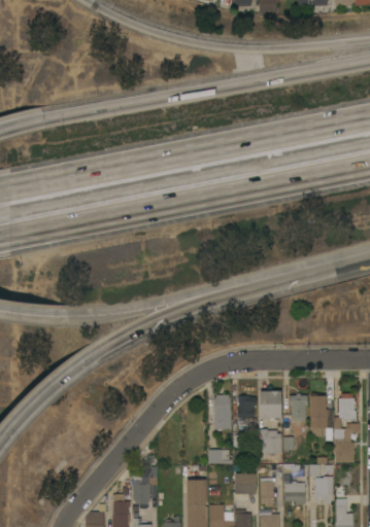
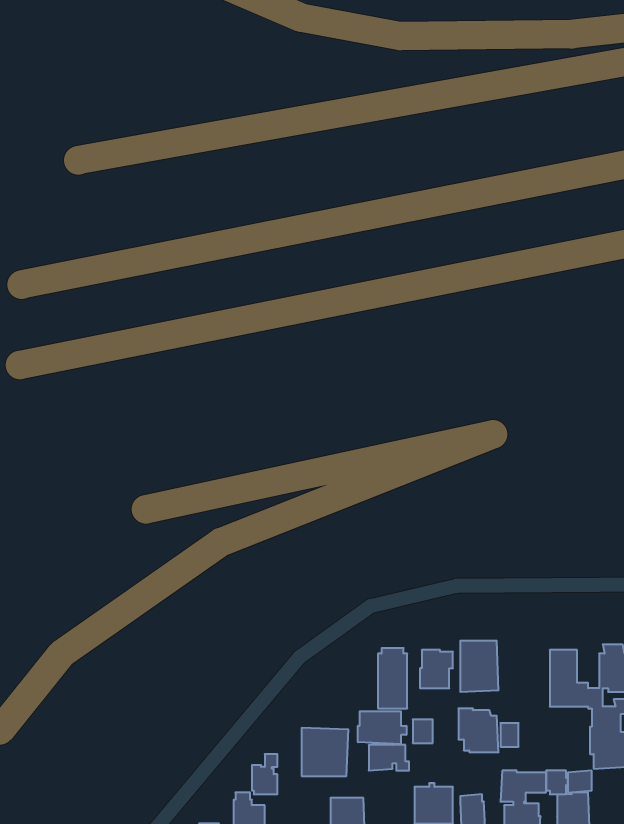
building: [290,393,308,421] -> none
building: none -> [358,711,406,744]
building: none -> [302,728,348,776]

